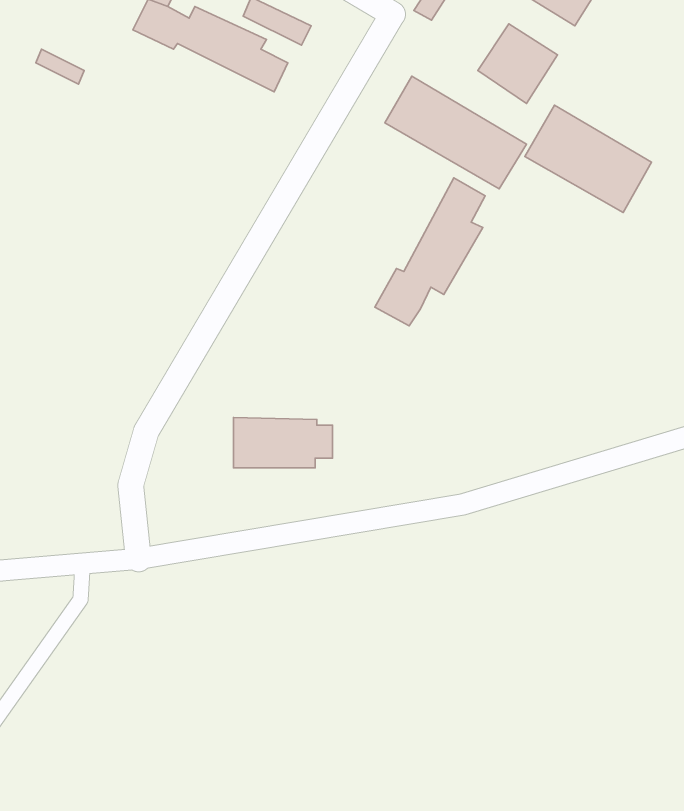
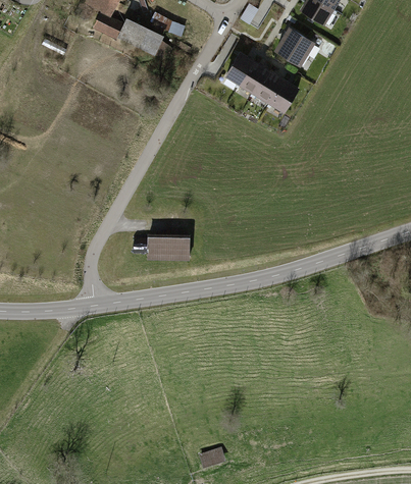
building: [525,105,651,212] -> none
building: [375,178,485,326] -> none

